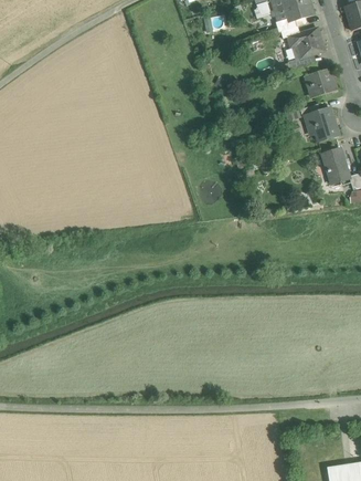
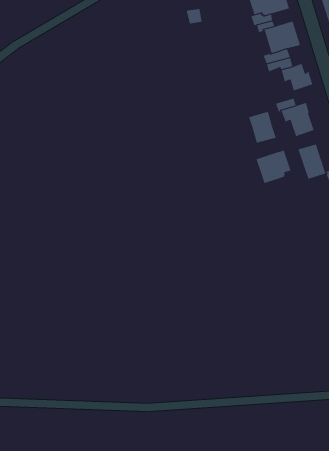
building: none -> [248,110,277,144]
building: none -> [256,150,291,184]

